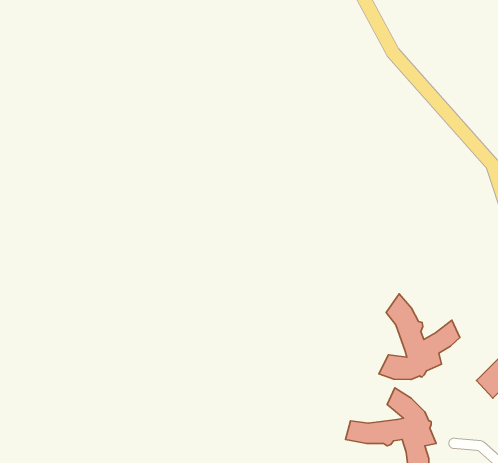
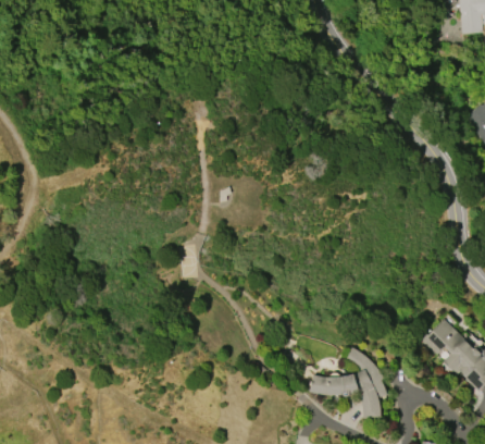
building: [379,294,460,379] -> none

